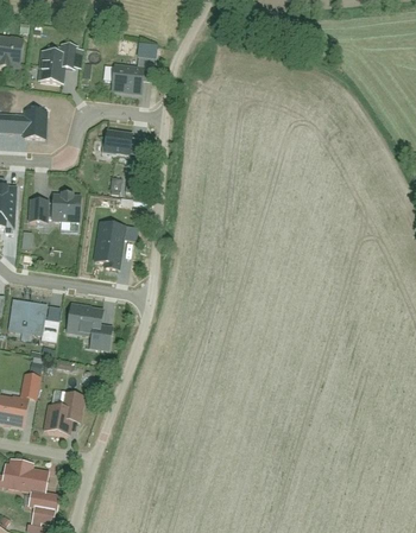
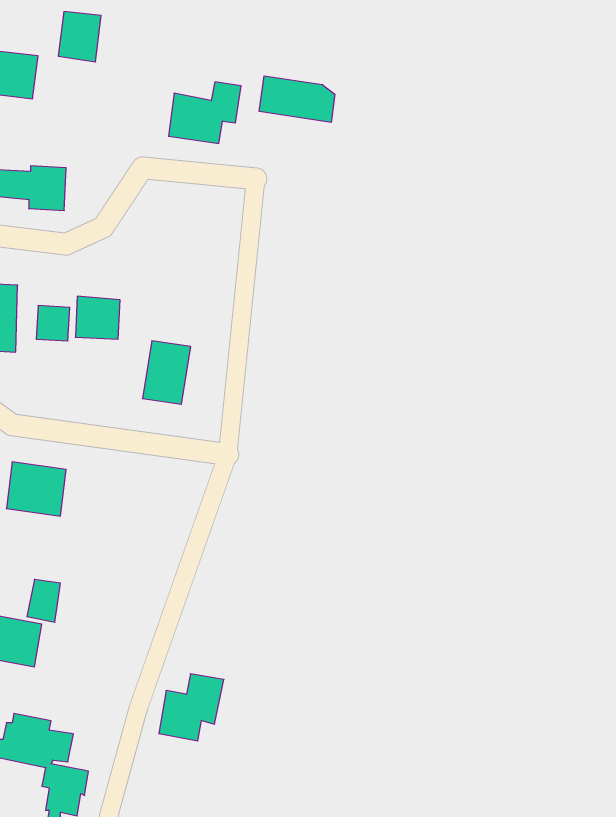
building: [37,50,64,82] -> [58,12,101,62]
building: none -> [259,76,335,122]
building: [102,128,132,153] -> none
building: [67,302,114,350] -> none
building: [45,393,87,436] -> [159,674,224,741]

